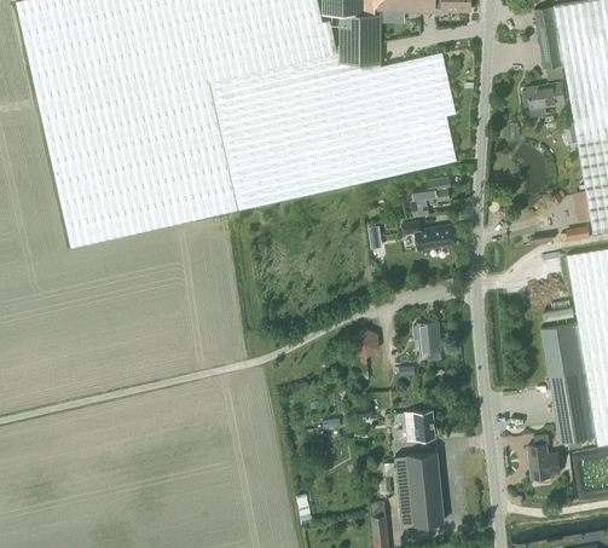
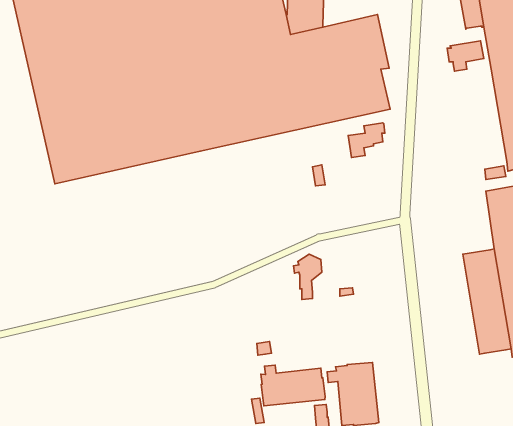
building: [400,220,454,250] -> none
building: [412,321,440,359] -> none
building: [394,410,435,440] -> none
building: [527,434,560,479] -> none
building: none -> [261,365,325,406]

